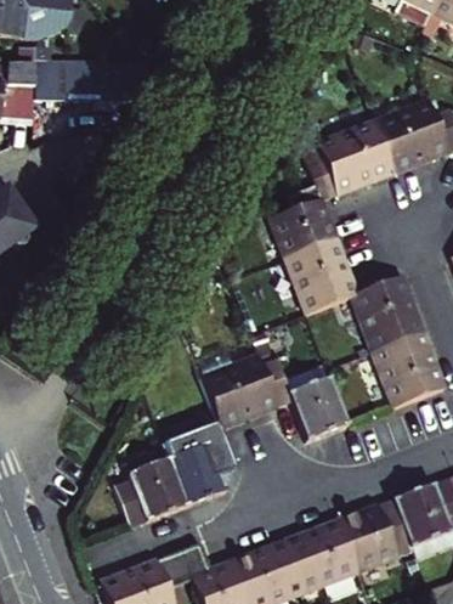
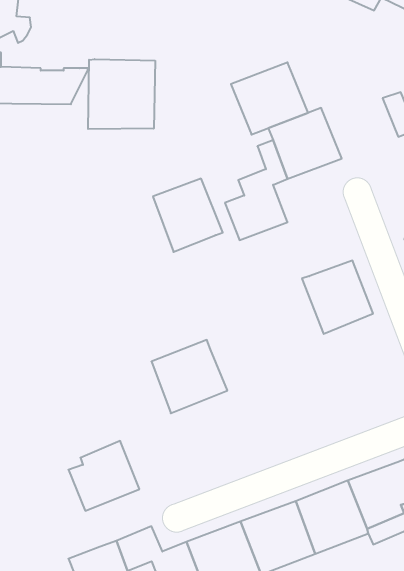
building: none -> [88,59,155,129]
building: [368,98,446,171] -> [231,62,308,135]
building: [285,236,356,310] -> [153,179,223,252]
building: [370,328,443,406] -> none
building: [256,359,347,440] -> none
building: [165,429,231,506] -> none

